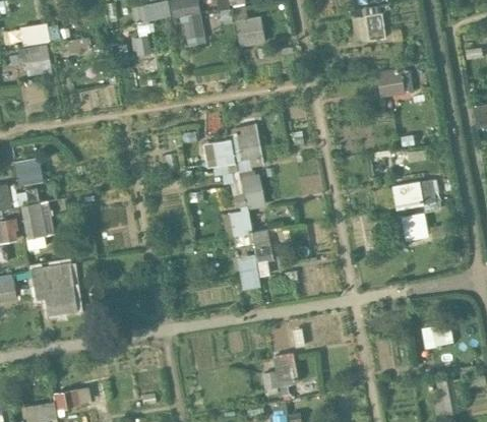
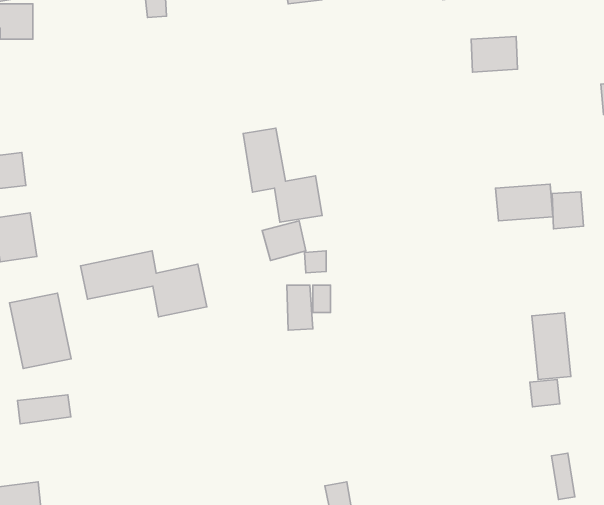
building: [235,125,263,172] -> none
building: [405,214,428,241] -> [552,192,583,229]
building: none -> [81,251,207,317]
building: none -> [532,313,571,379]
building: [260,352,298,391] -> none
building: [53,388,93,410] -> [17,395,71,424]

